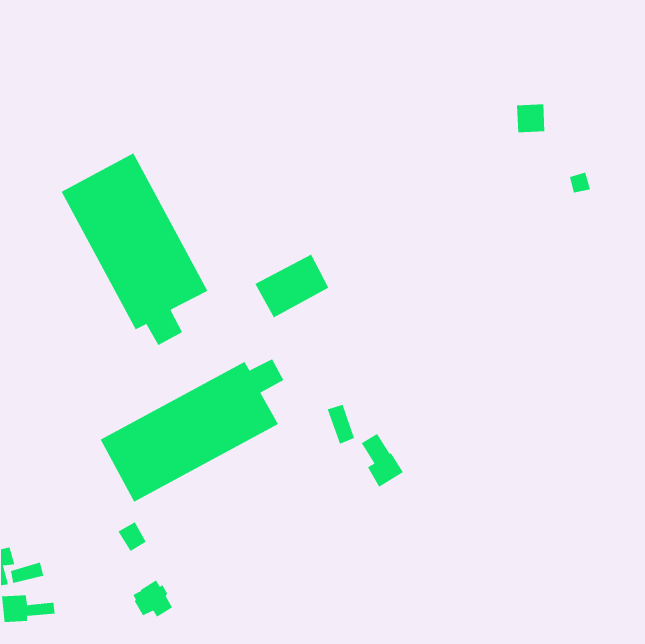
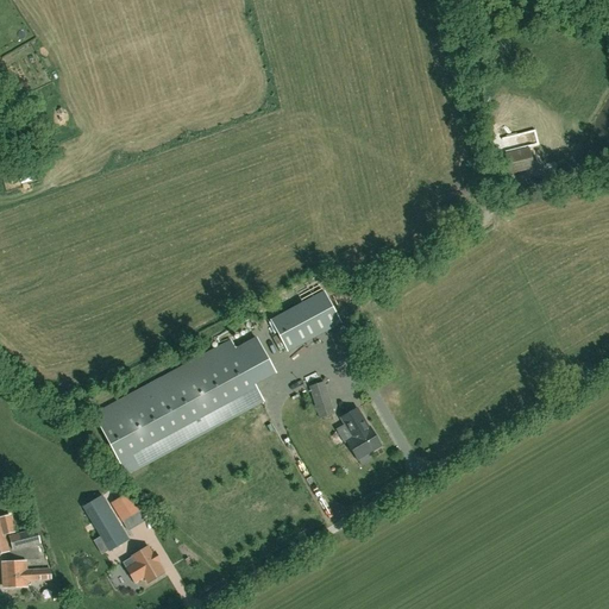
building: [516,104,545,133] -> [507,143,534,170]
building: [61,153,208,346] -> none
building: [255,254,329,318] -> [270,290,340,351]
building: none -> [84,495,128,548]

